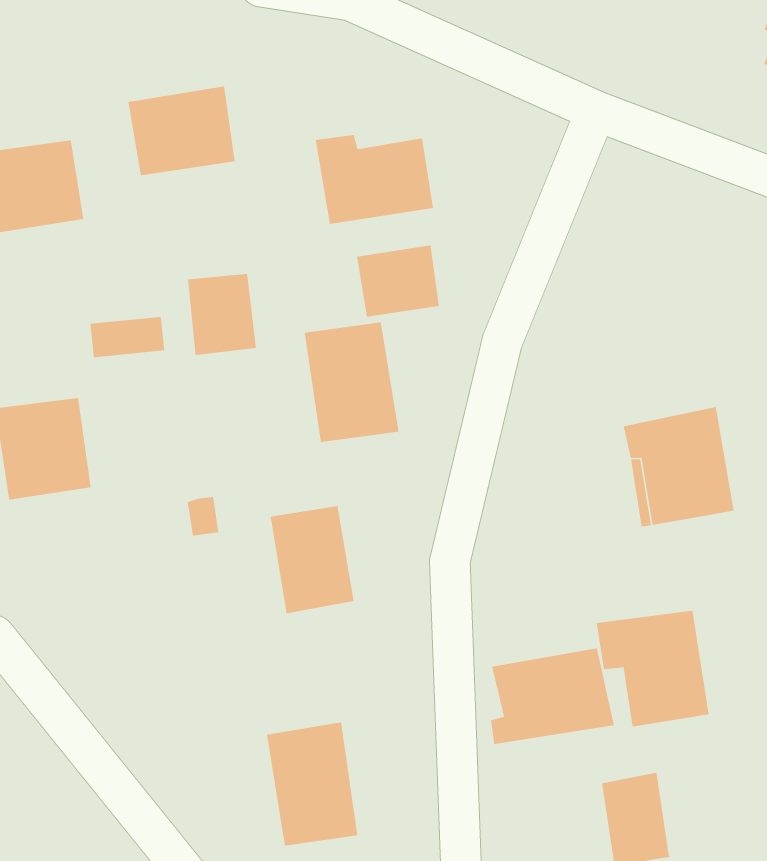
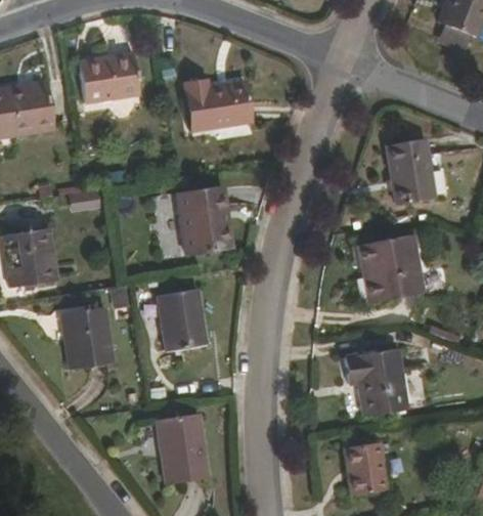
building: none -> [386,137,435,204]
building: [357,245,440,318] -> none
building: [187,273,256,356] -> none
building: none -> [61,307,113,370]
building: [490,648,615,745] -> none

